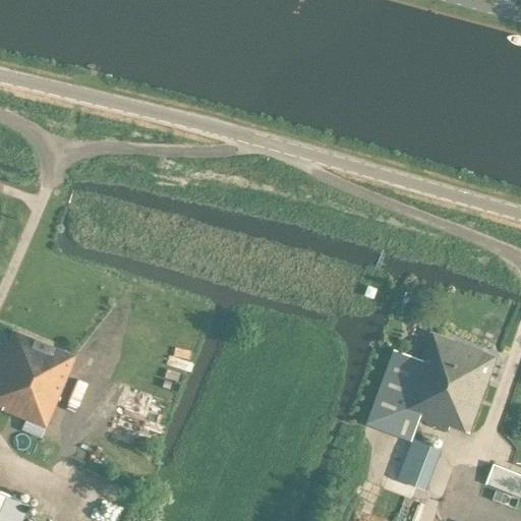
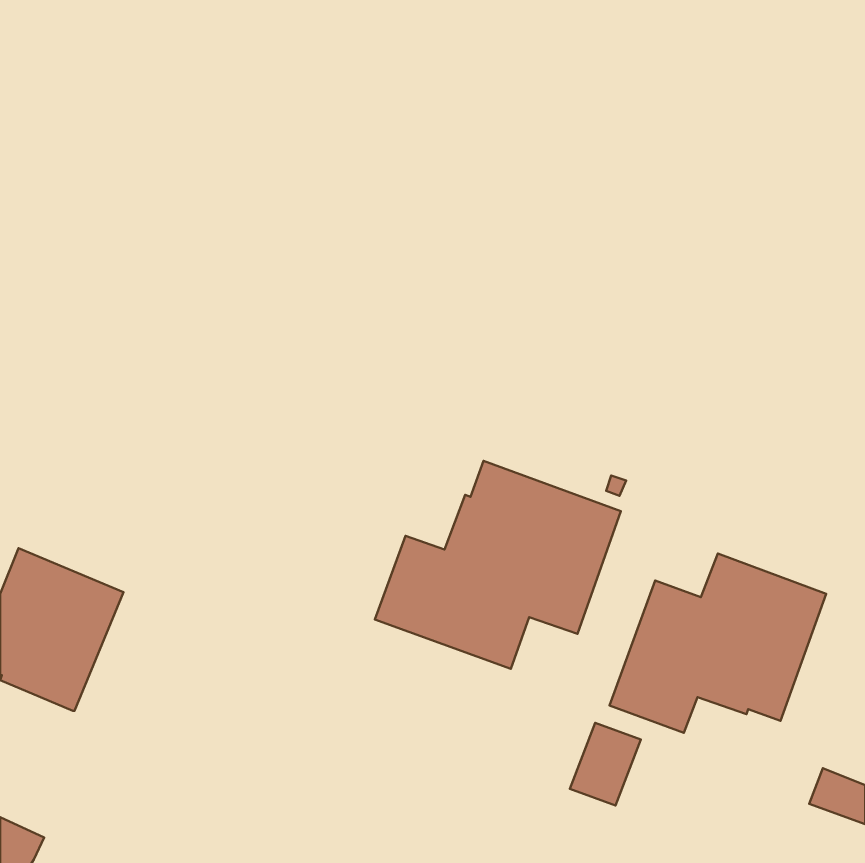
building: none -> [375,461,621,669]
building: [398,441,441,490] -> [570,723,641,806]

